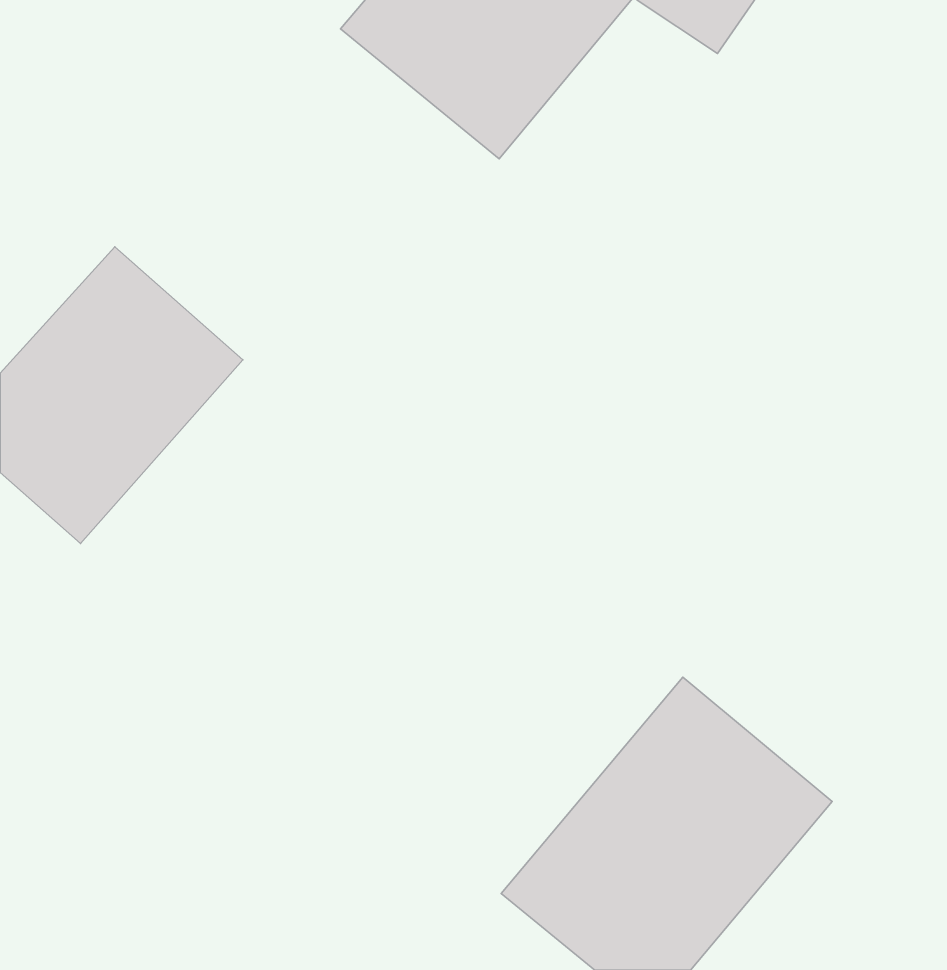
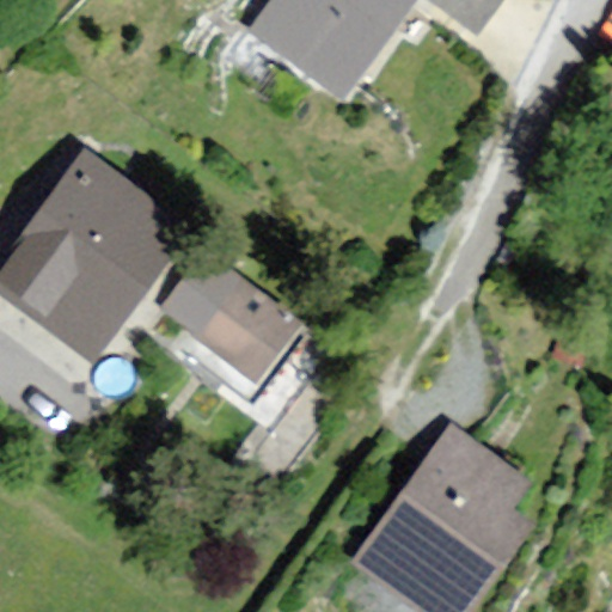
building: none -> [157,270,286,399]

